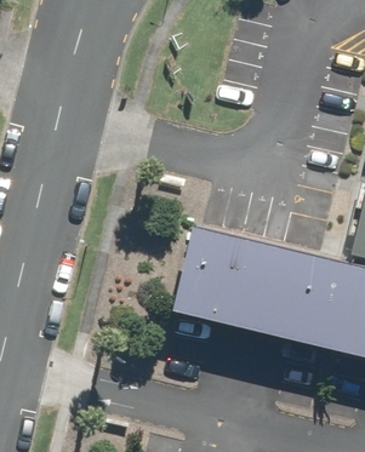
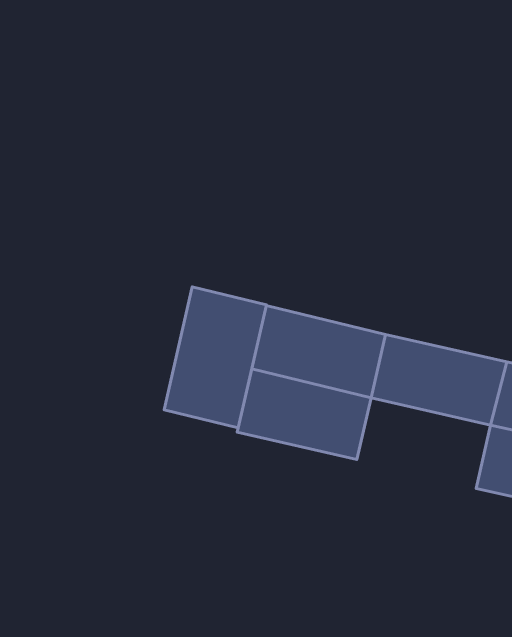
building: none -> [164,287,266,428]
building: [244,287,333,348] -> none

